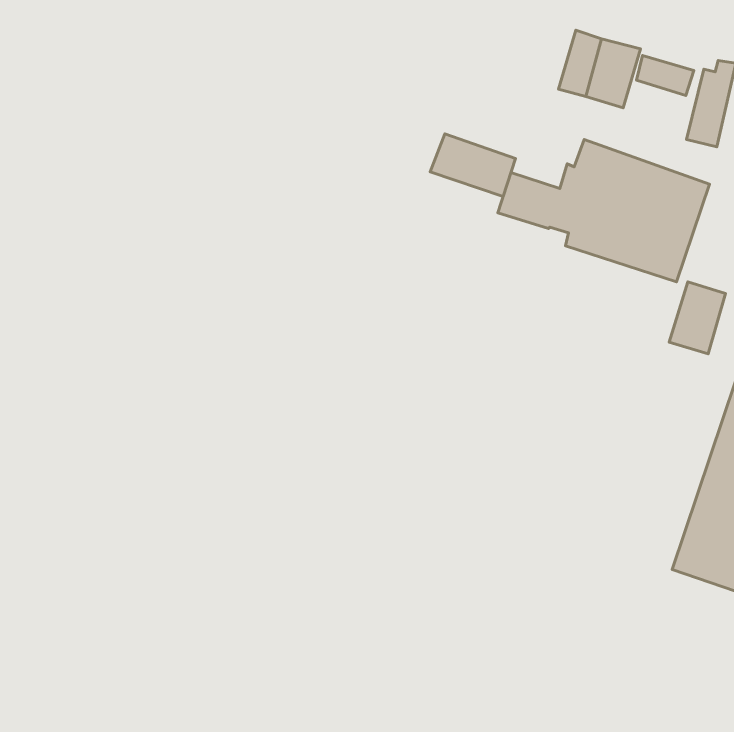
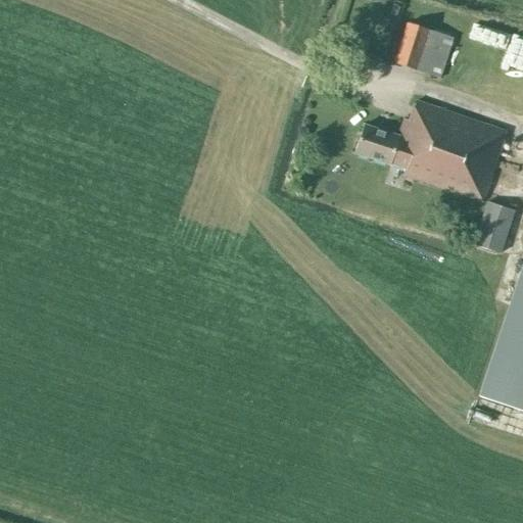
building: [636,56,694,96] -> none
building: [430,134,515,197] -> none

